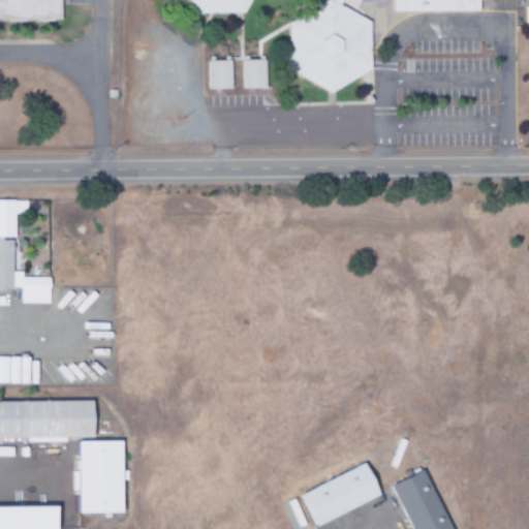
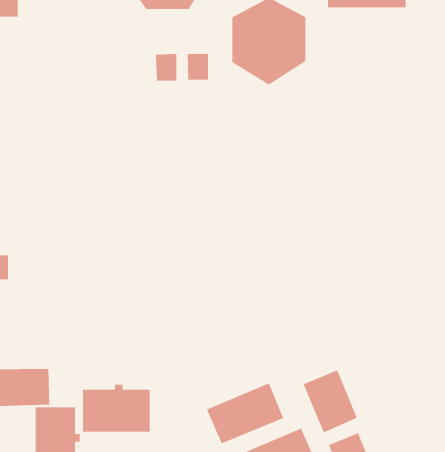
building: none -> [303,370,358,433]
building: none -> [206,382,284,444]
building: none -> [82,384,150,433]

